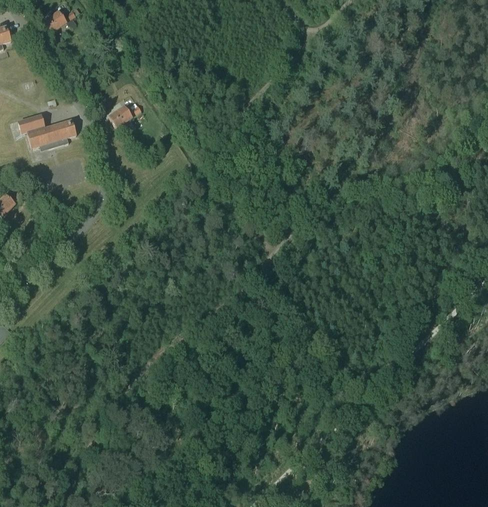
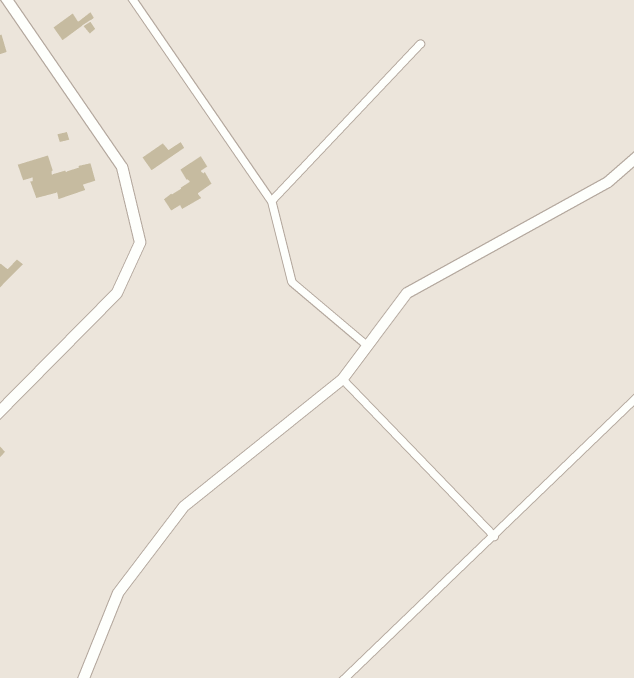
building: none -> [162,155,213,211]

